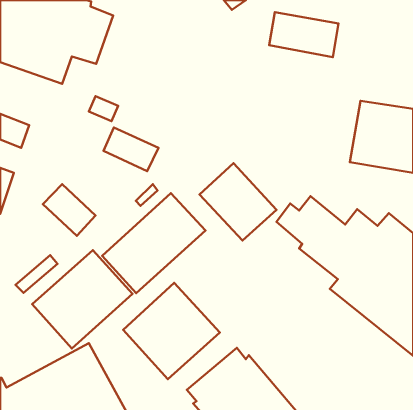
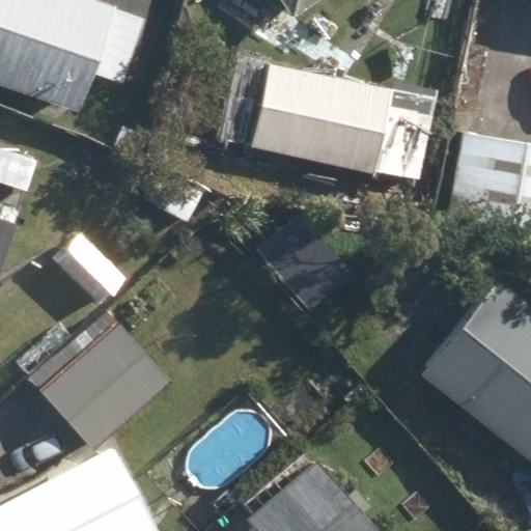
building: none -> [254,64,392,174]
building: [102,193,206,293] -> none
building: [123,283,220,379] -> none

